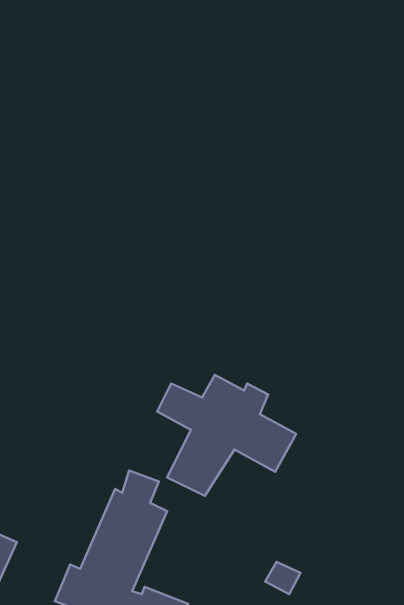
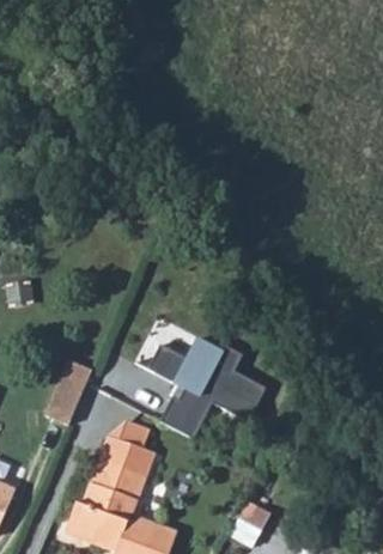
building: none -> [50,351,97,415]

